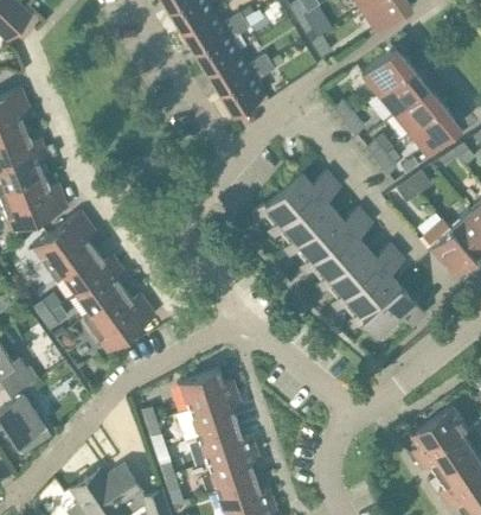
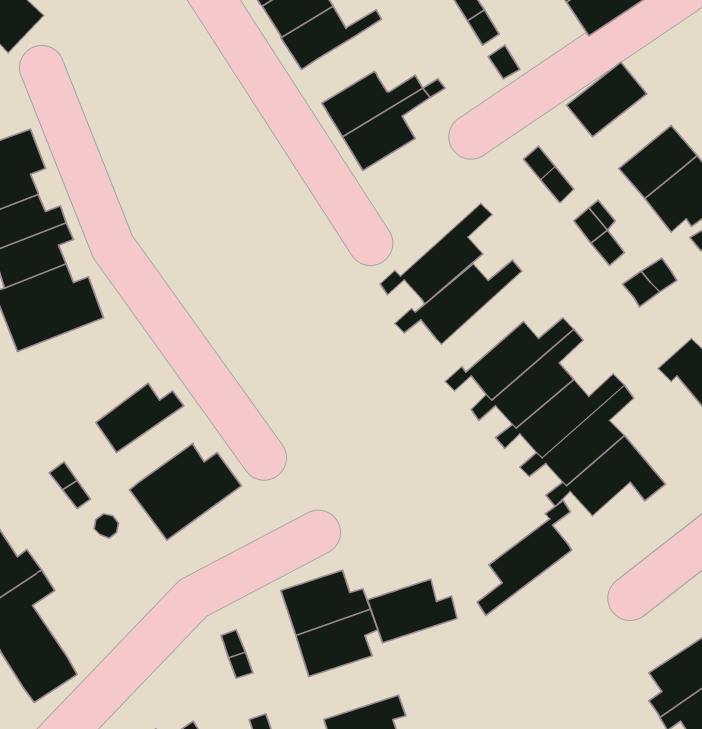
building: [192,19,248,72] -> none
building: [377,66,427,114] -> none
building: [268,179,339,243] -> [380,203,492,304]
building: [32,211,96,279] -> none
building: [75,265,123,313] -> none
building: none -> [477,501,572,616]
building: [197,424,254,464] -> [367,579,457,643]

